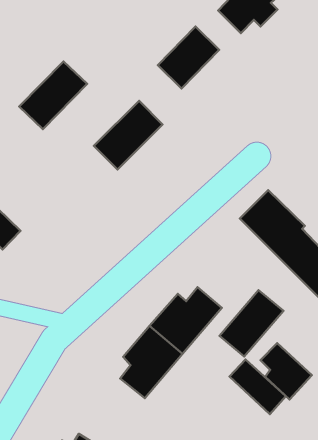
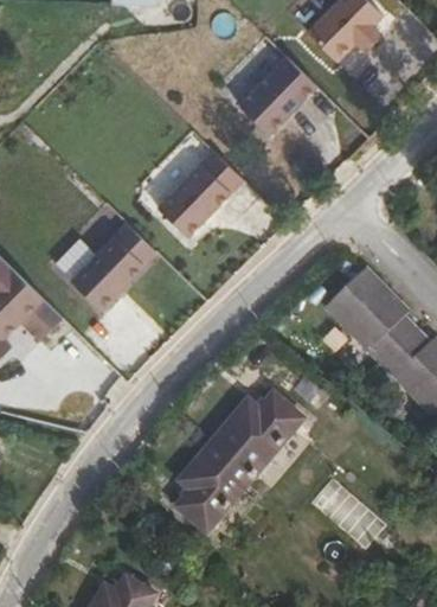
building: [19,61,87,129] -> [62,226,147,312]
building: [219,290,283,357] -> none
building: [260,343,312,399] -> none

